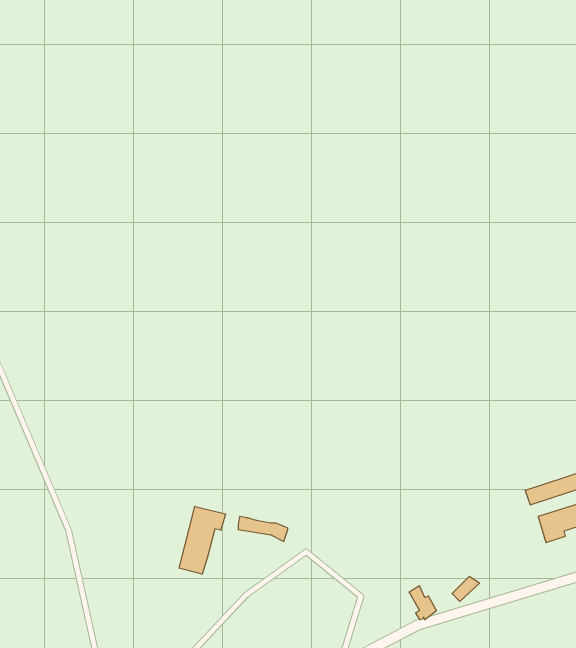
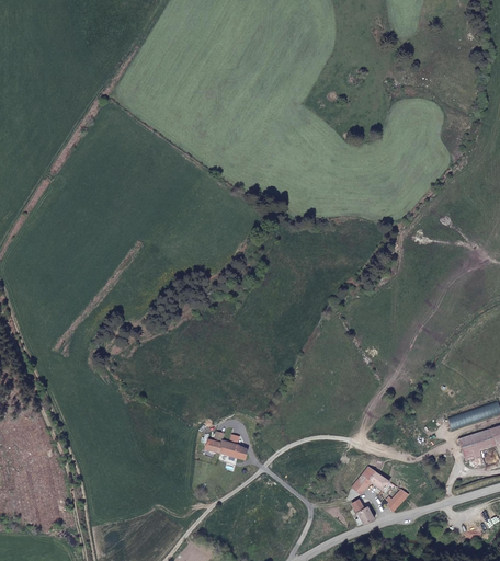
building: [179,506,225,574] -> none
building: none -> [352,467,389,495]

